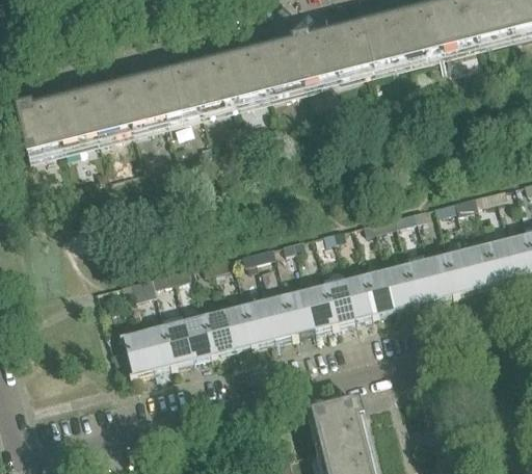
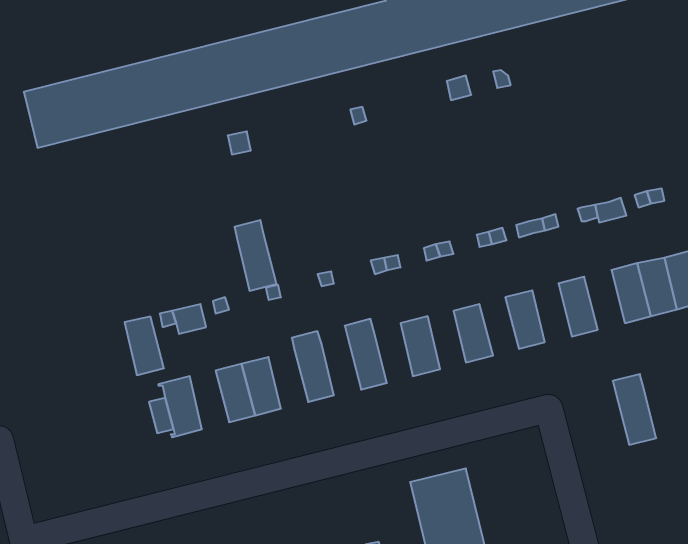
building: [445,238,478,292] -> [613,374,656,445]
building: [407,257,437,301] -> none
building: [324,267,356,322] -> none
building: [367,267,397,312] -> none
building: [286,287,316,333] -> none
building: [246,297,276,342] -> none
building: [204,298,236,352] -> [234,220,277,291]
building: [145,323,176,368] -> [125,317,164,375]

